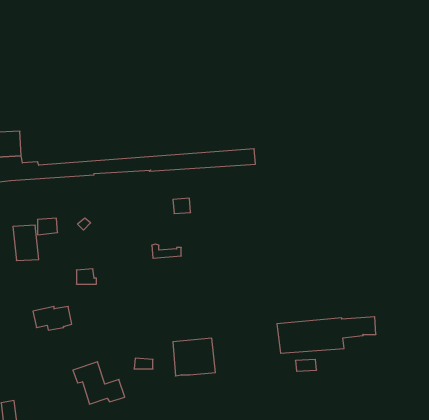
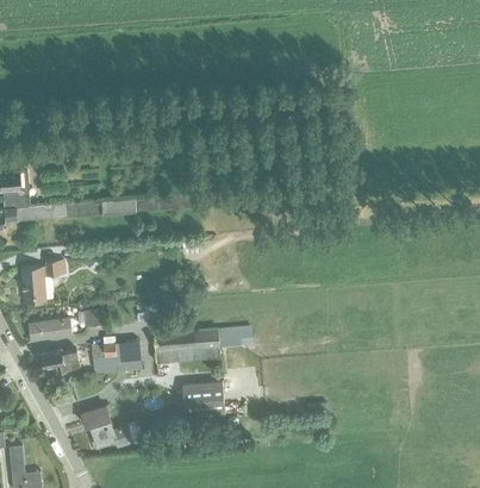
building: none -> [26,315,71,340]
building: none -> [89,334,141,373]
building: [277,317,376,353] -> [151,325,251,362]

